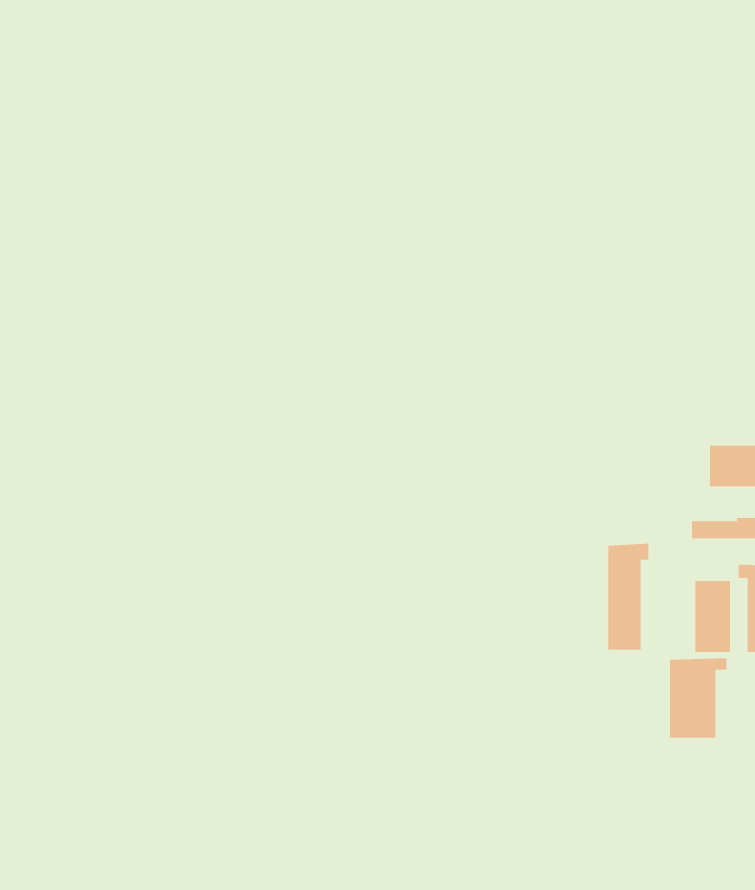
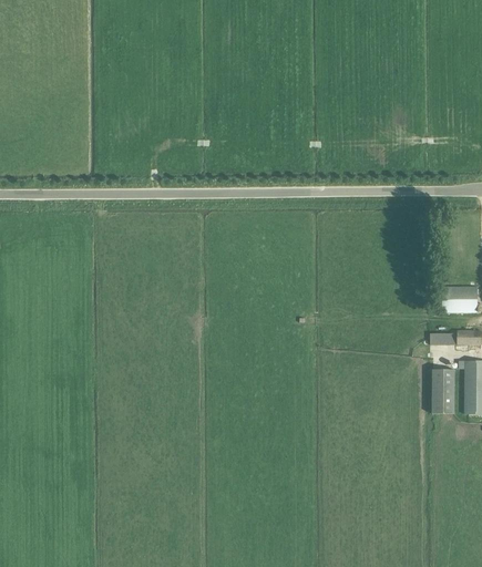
building: [608,543,649,650] -> none
building: [670,657,727,738] -> none

